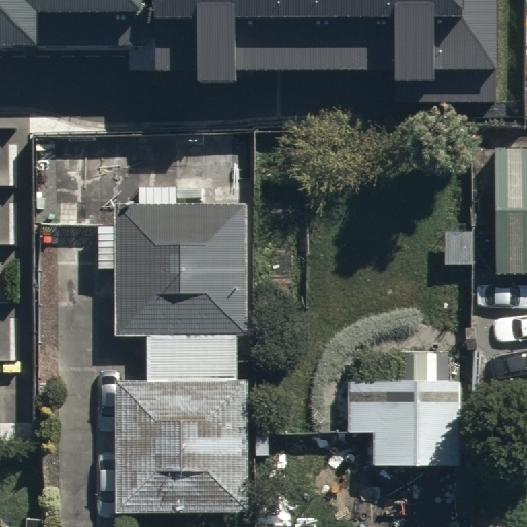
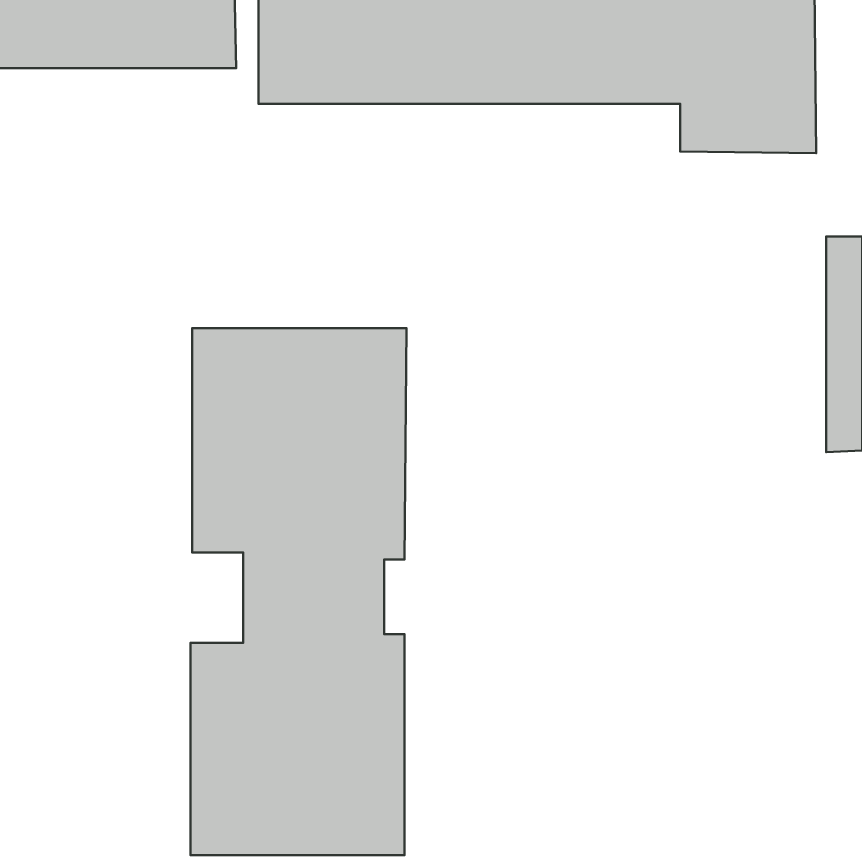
building: [367,378,457,467] -> none

